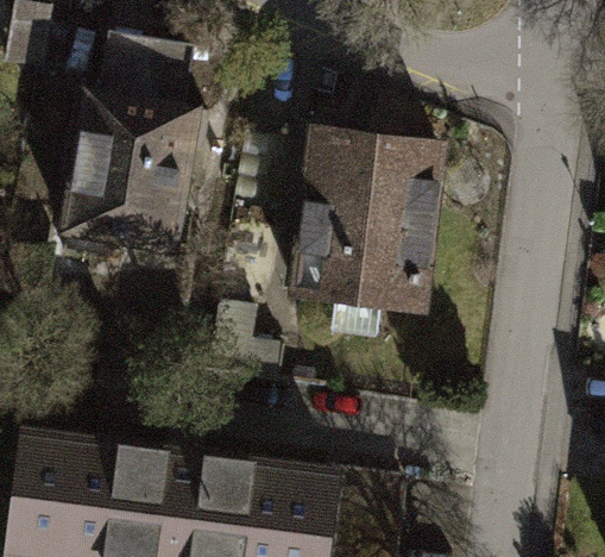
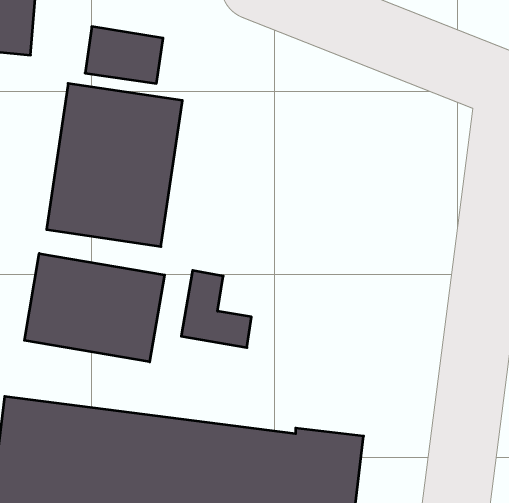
building: [291,132,431,306] -> none
building: none -> [24,253,165,362]

